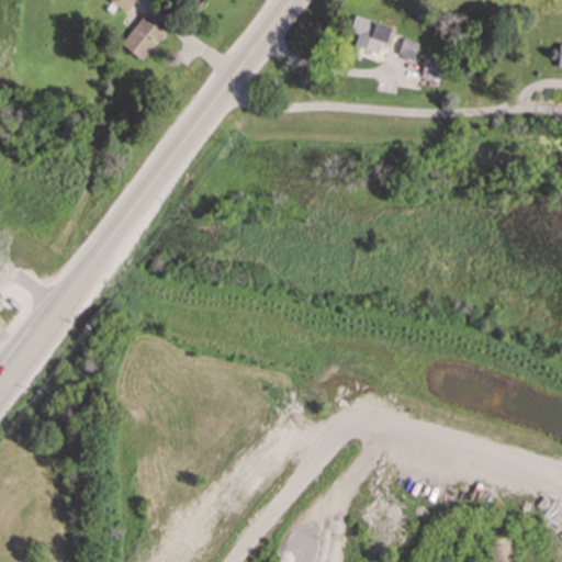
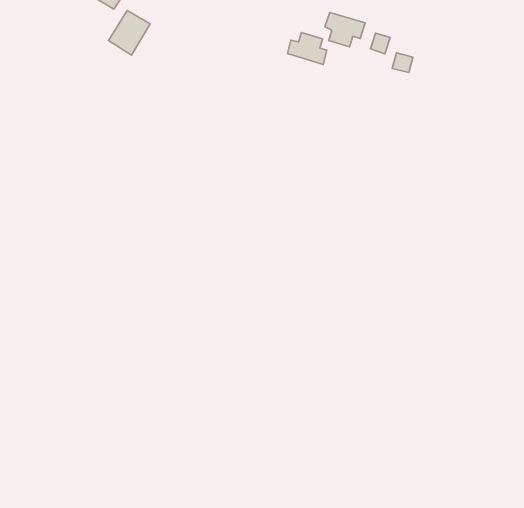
building: none -> [288,32,327,64]

